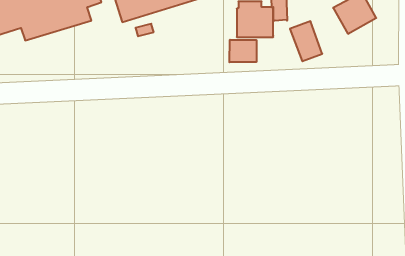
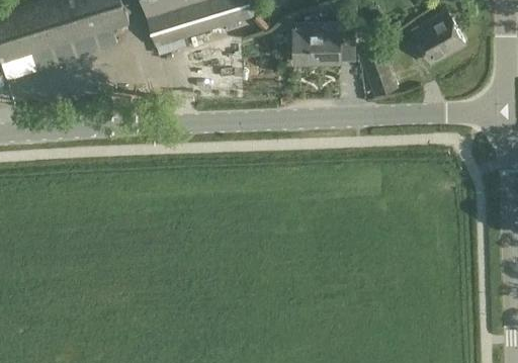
building: [229,40,256,62] -> none

